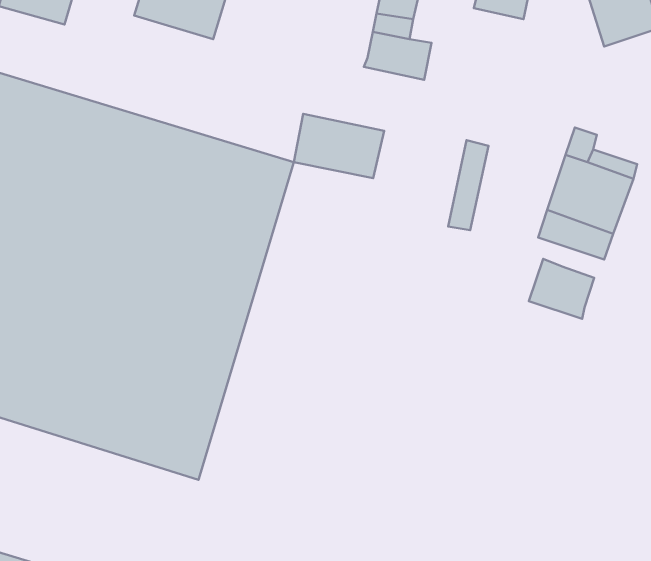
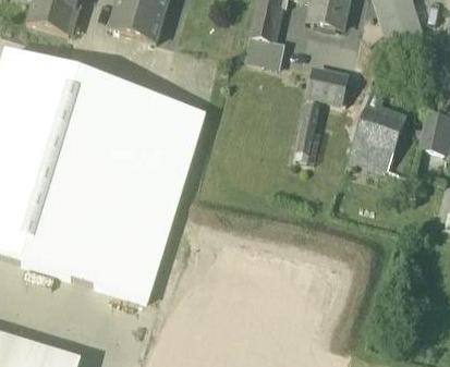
building: none -> [307,68,348,100]
building: [294,114,384,178] -> none
building: [529,259,594,319] -> none

